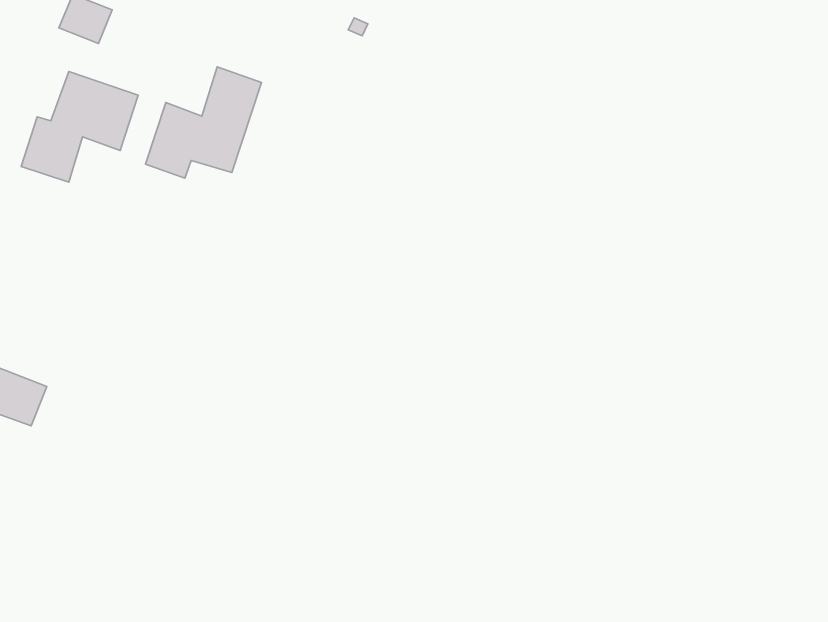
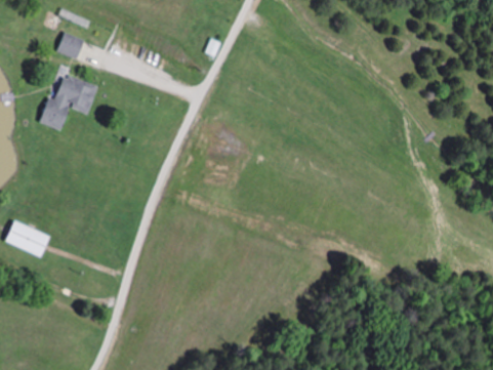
building: [145,67,261,178] -> none

